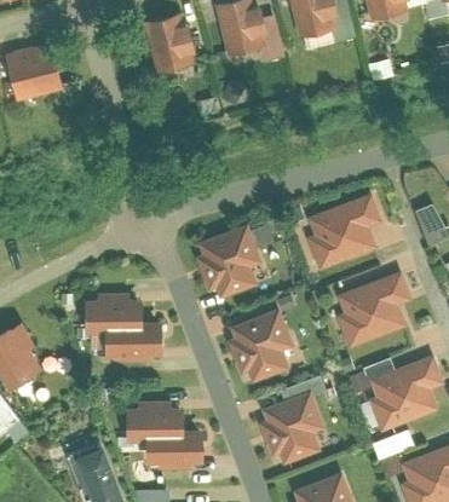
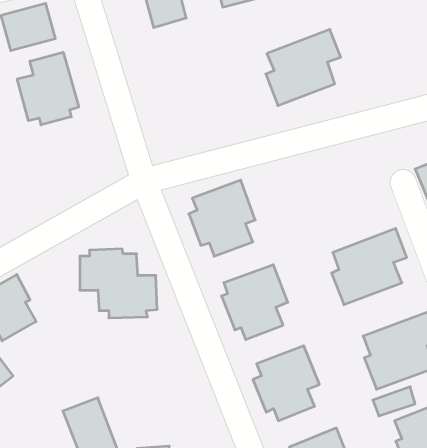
building: none -> [17,52,79,125]
building: [306,195,381,271] -> [266,29,341,106]
building: [126,402,203,471] -> none

